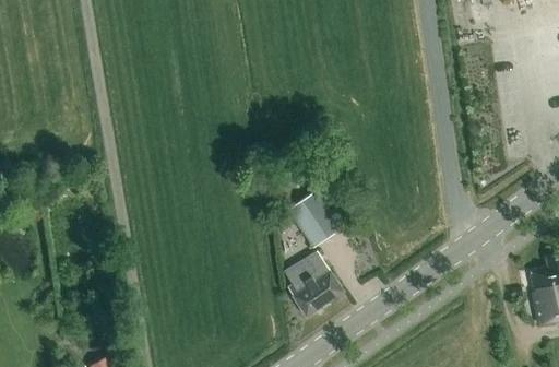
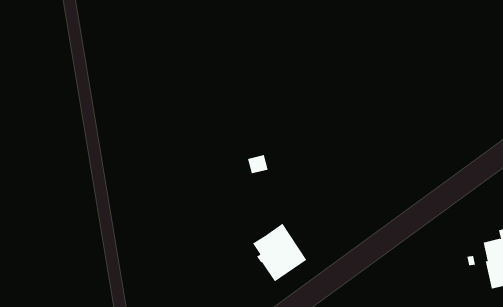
building: [288,189,343,246] -> none

